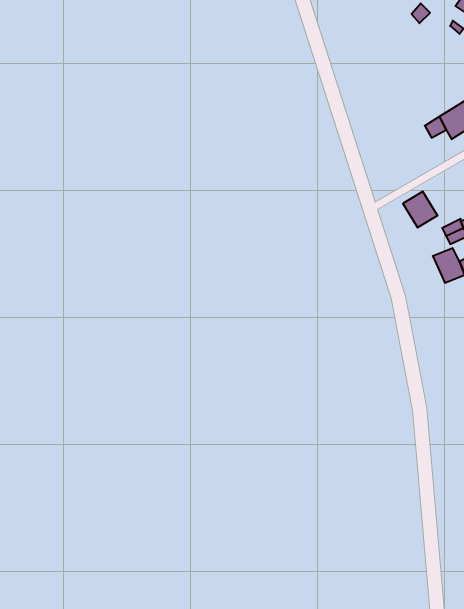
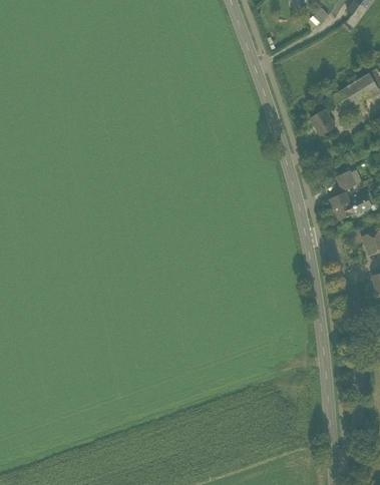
building: [403,192,438,228] -> [310,108,336,135]

